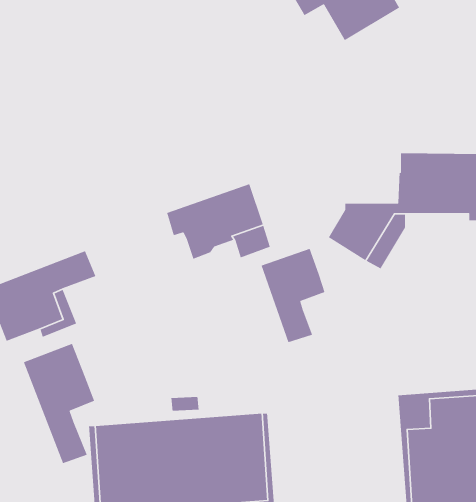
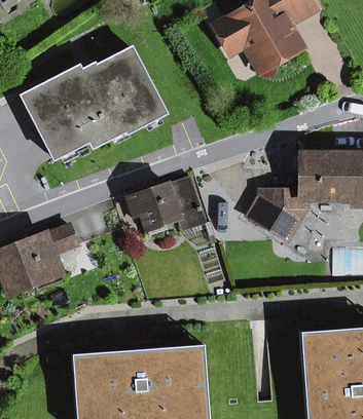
building: none -> [23,48,167,158]
building: [260,248,326,343] -> none
building: [23,343,95,464] -> none

